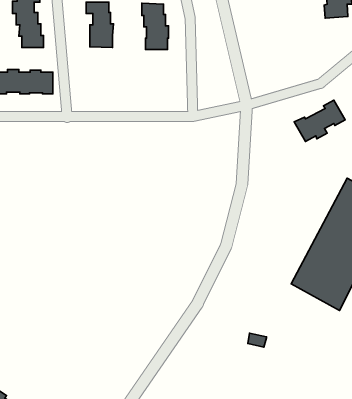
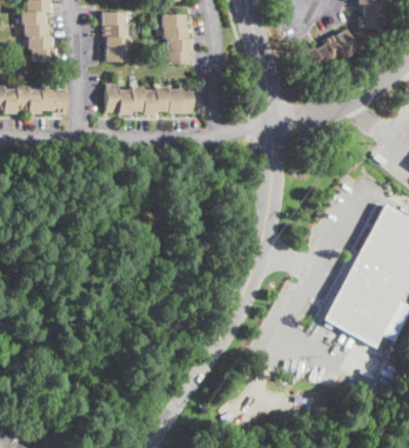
building: none -> [108,83,193,112]
building: [294,100,345,142] -> [303,29,359,74]

